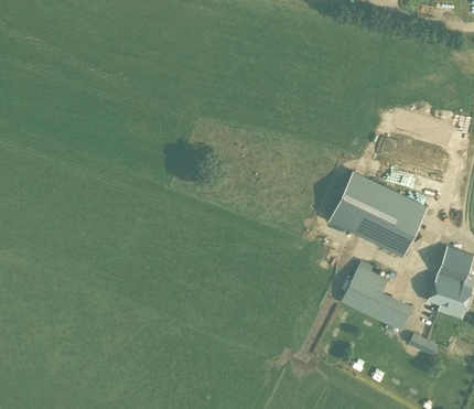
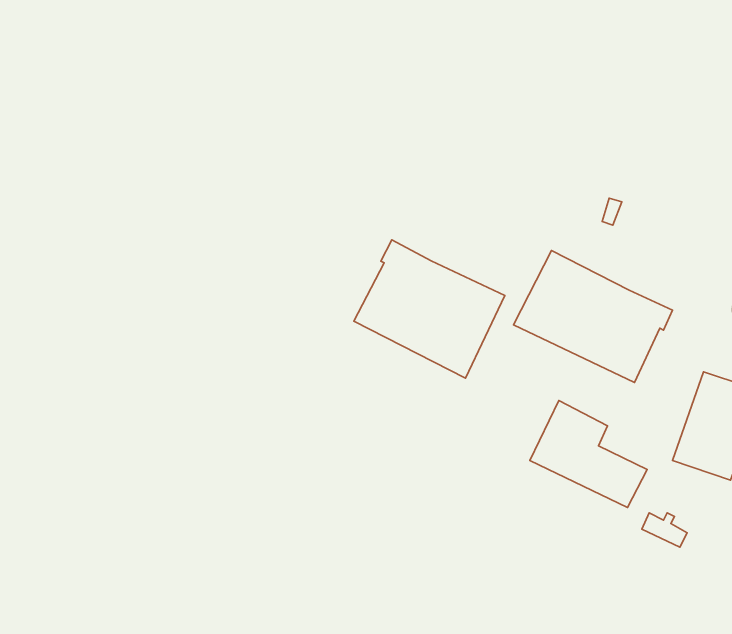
building: none -> [354,240,505,378]

